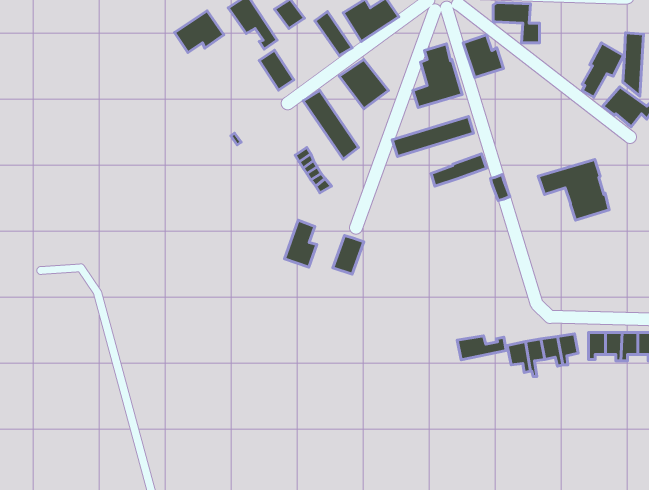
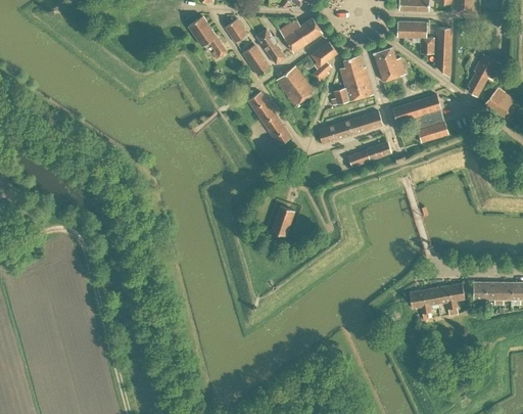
building: [175,11,224,53] -> none
building: none -> [312,41,338,81]
building: [623,33,644,96] -> [435,28,451,78]
building: [259,50,294,90] -> [243,44,271,76]
building: [538,159,609,220] -> [391,95,447,143]
building: [284,220,317,267] -> none
building: [457,336,506,360] -> none

